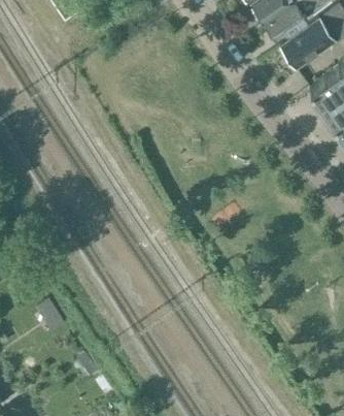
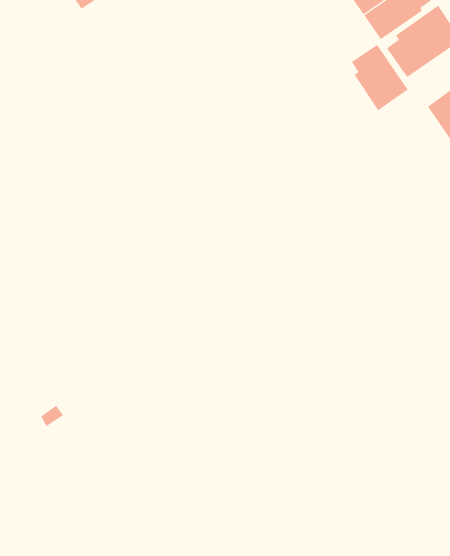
building: none -> [351,44,409,111]

